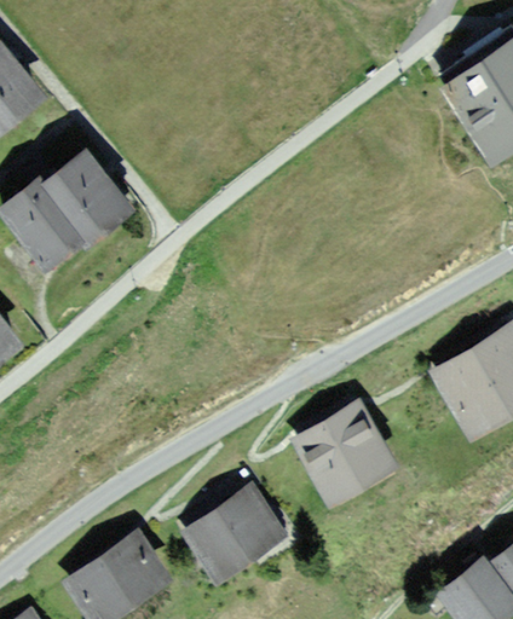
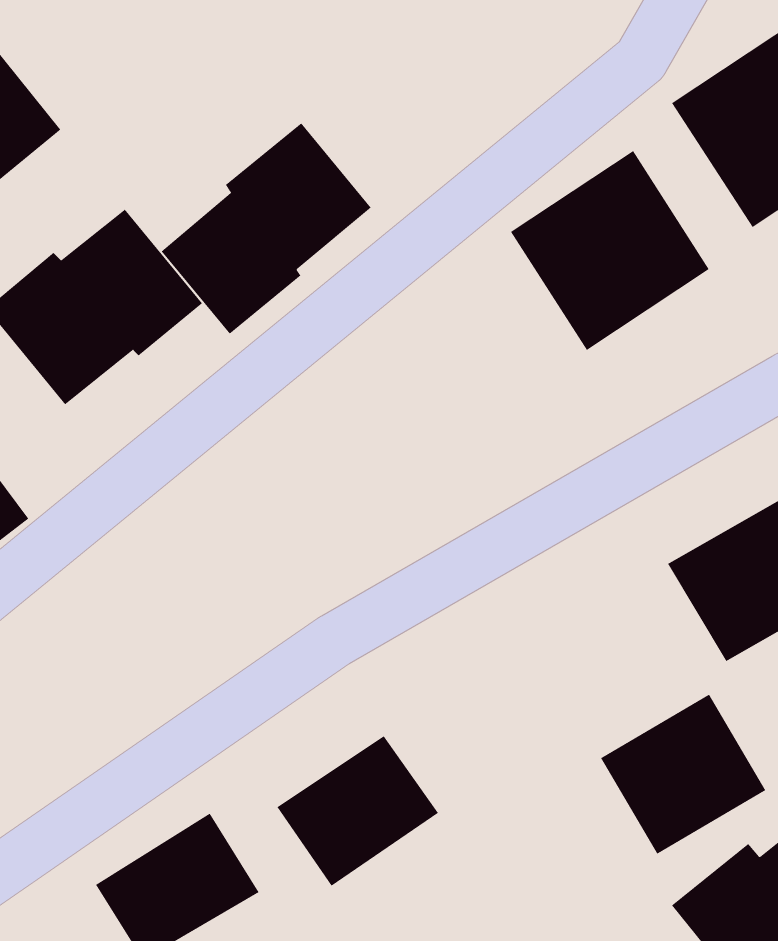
building: none -> [161,122,371,334]
building: none -> [510,150,710,351]
building: [292,405,398,508] -> [600,694,766,854]

